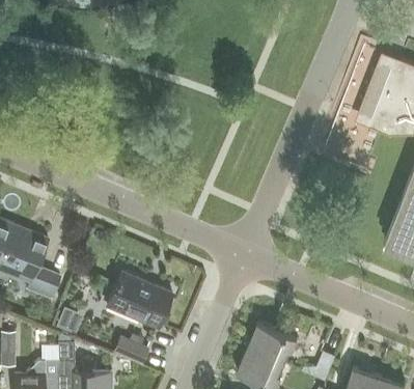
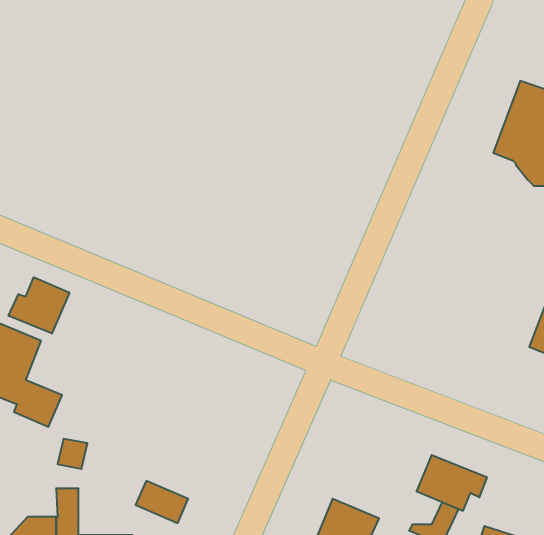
building: none -> [9,277,69,334]
building: [106,272,171,327] -> none
building: [249,324,298,362] -> [416,455,487,511]

